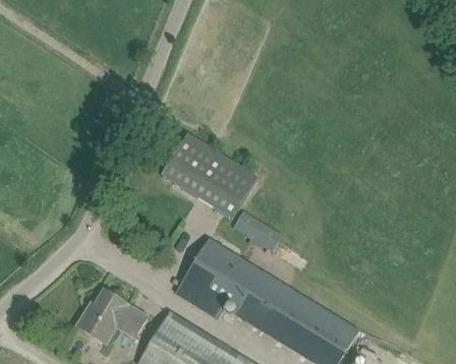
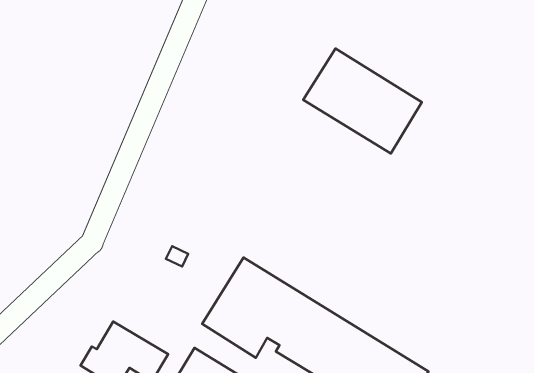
building: [161,133,258,219] -> [303,48,422,154]
building: [233,209,282,250] -> none

